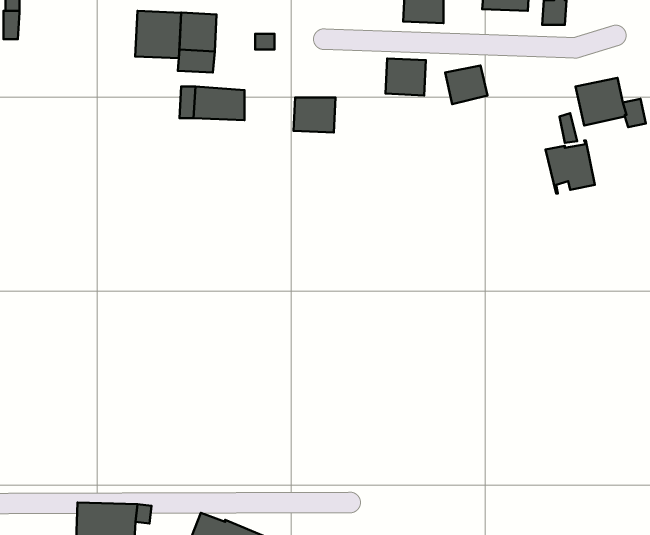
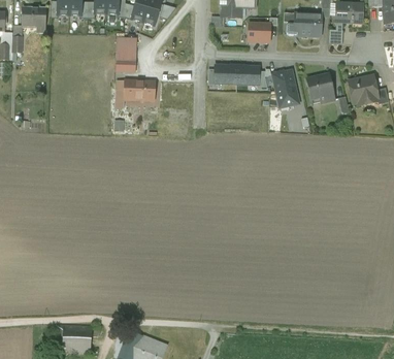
building: [135,11,181,58] -> none
building: none -> [275,86,300,109]
building: [293,97,336,133] -> [212,64,237,85]
building: [545,141,595,193] -> [305,73,334,104]

